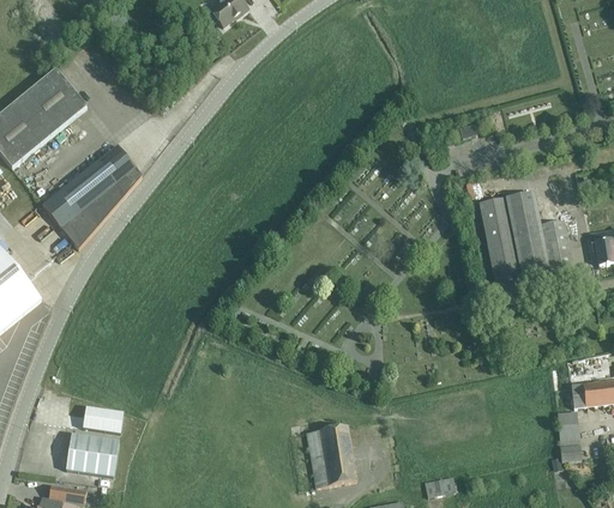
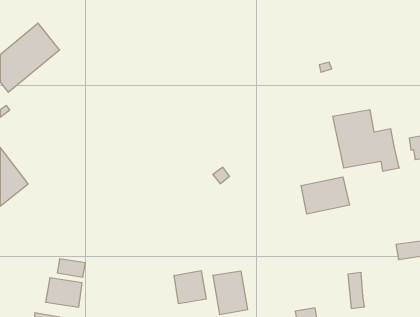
building: [42,144,142,248] -> none
building: none -> [301,177,350,214]
building: [558,410,582,461] -> [348,273,365,308]
building: none -> [174,271,206,304]

